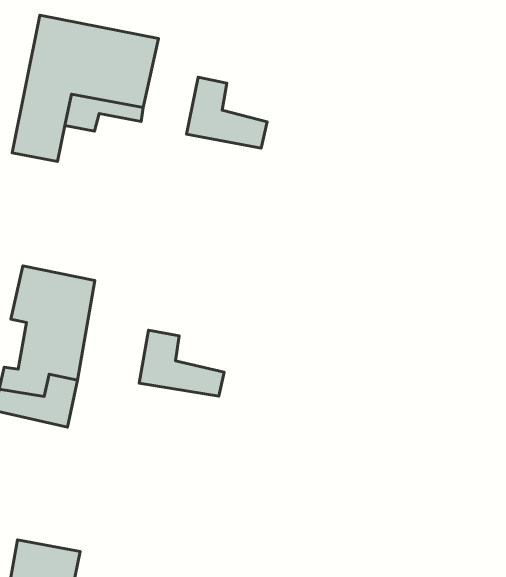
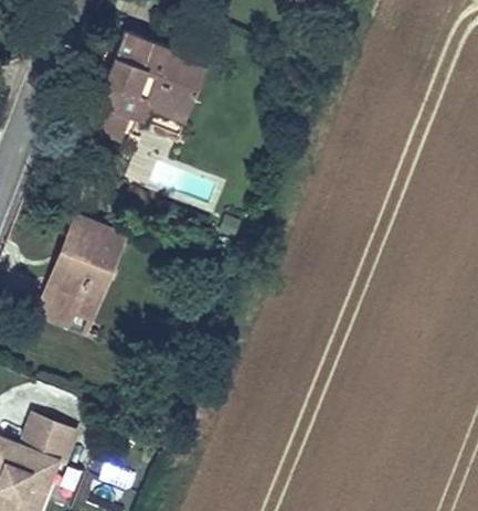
building: [187,77,267,148] -> none
building: [139,330,224,396] -> none

